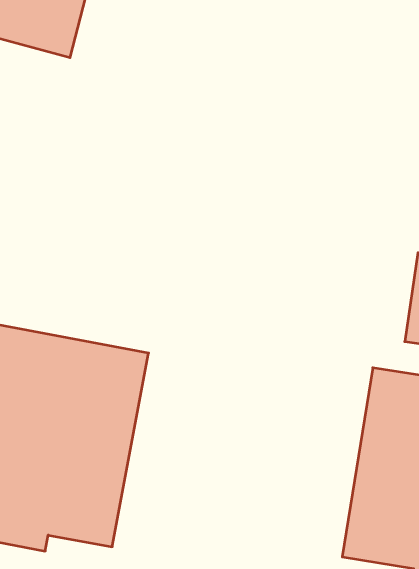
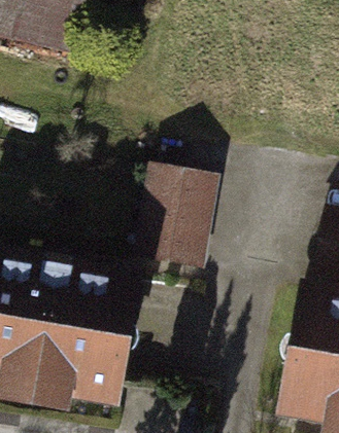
building: none -> [135,164,219,267]

